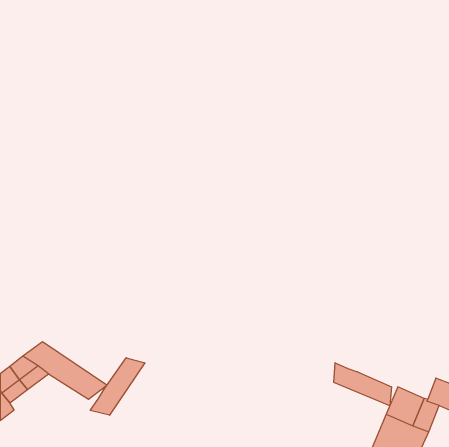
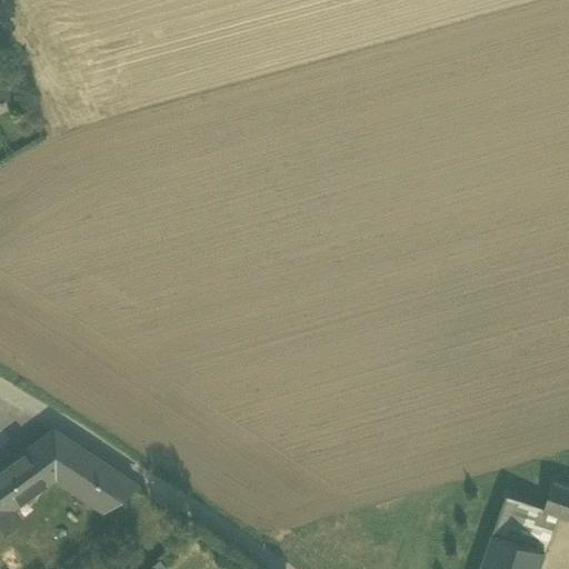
building: [90,358,145,415] -> none
building: [334,363,391,406] -> none

